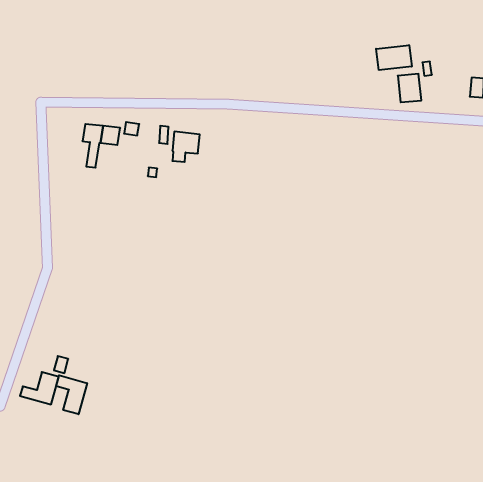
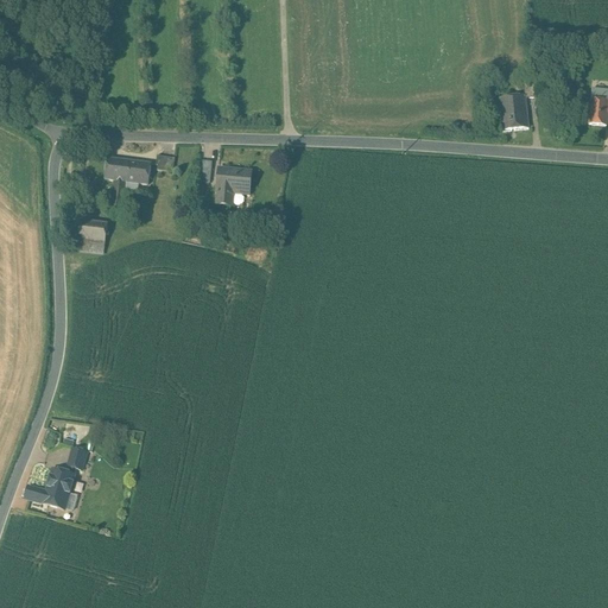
building: [376,45,412,70] -> none
building: none -> [77,217,108,240]
building: [56,375,87,414] -> none

